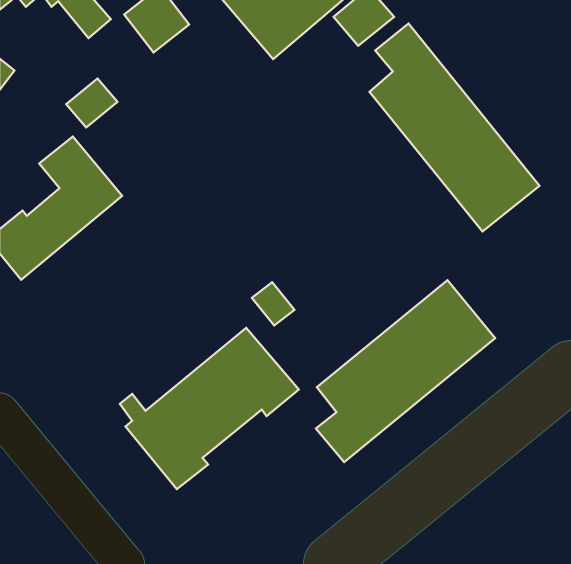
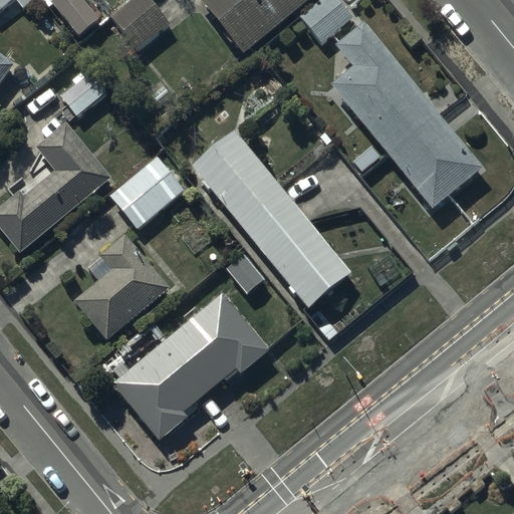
building: none -> [191,132,350,307]
building: none -> [109,155,184,227]
building: none -> [74,235,169,339]
building: [316,280,495,462] -> none

